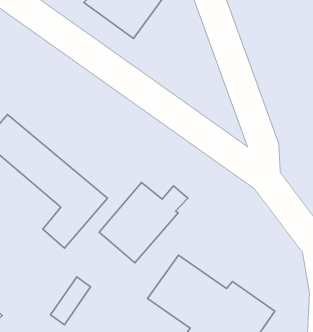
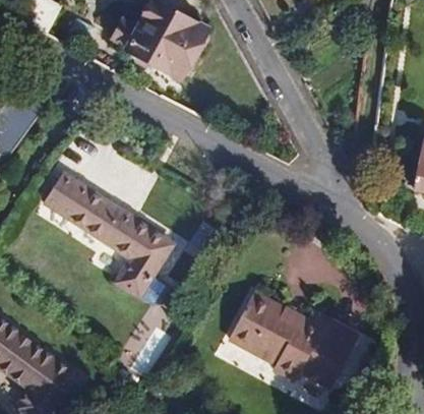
building: [99,183,188,263] -> none

